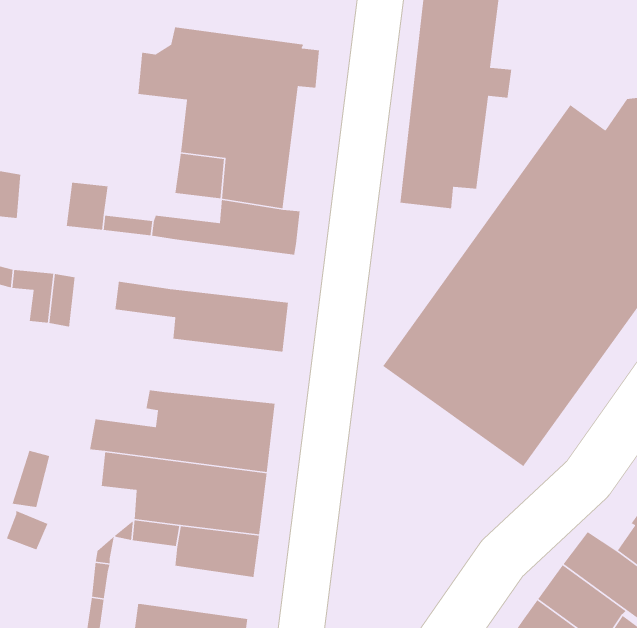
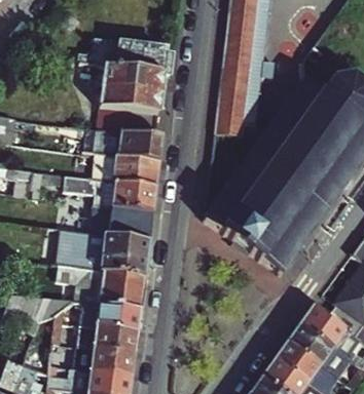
building: none -> [94,152,159,185]
building: none -> [90,204,153,238]
building: none -> [77,322,138,352]

